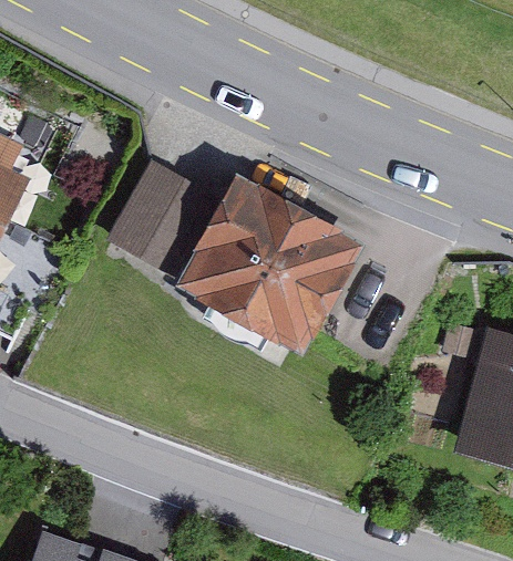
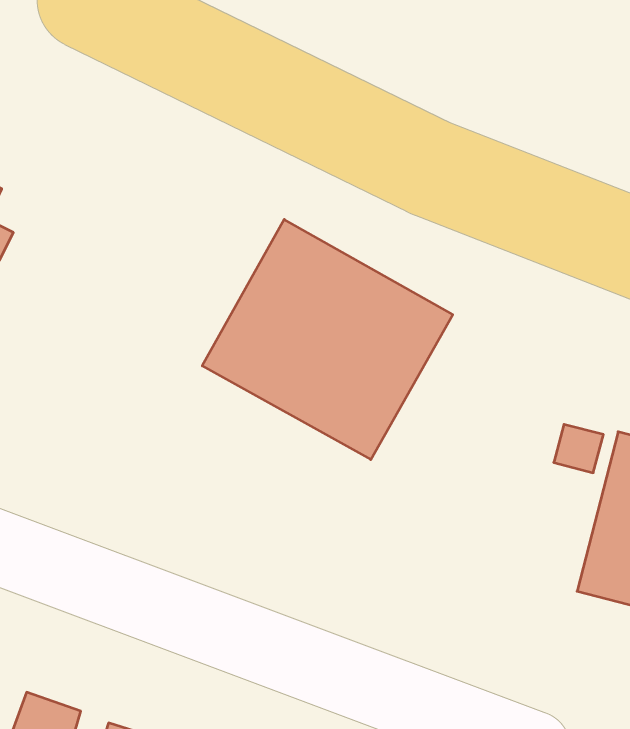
building: [106,162,216,276] -> none

